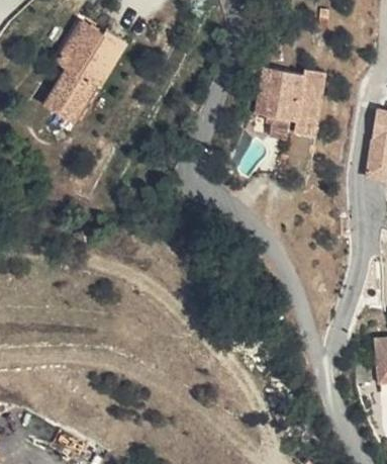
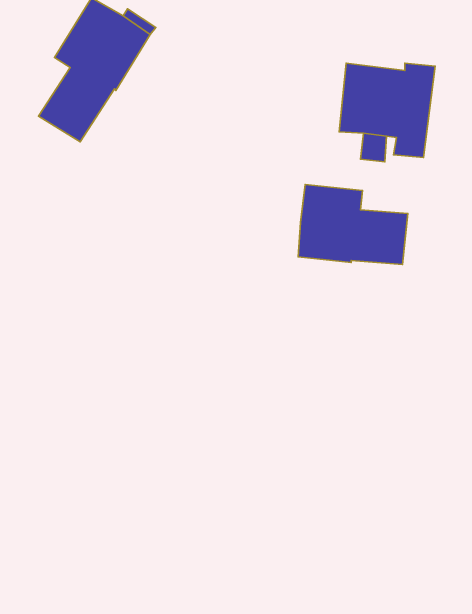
building: none -> [298,184,408,265]

